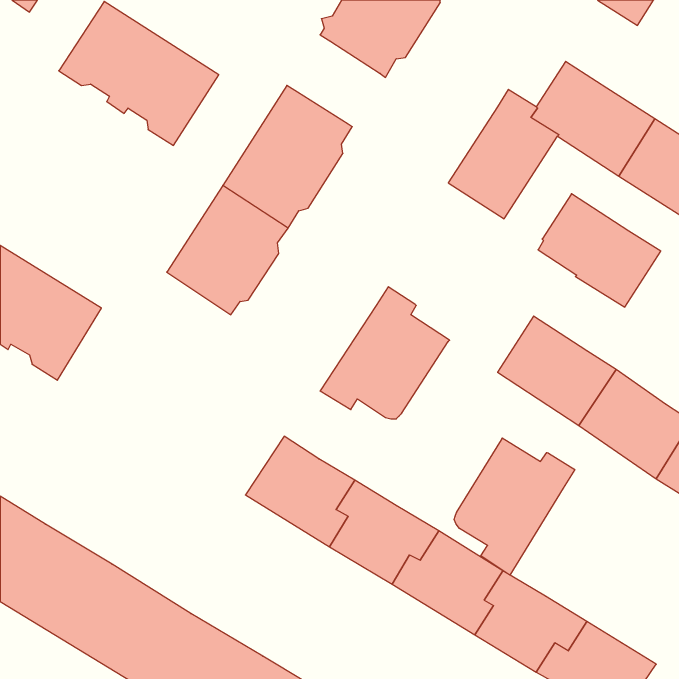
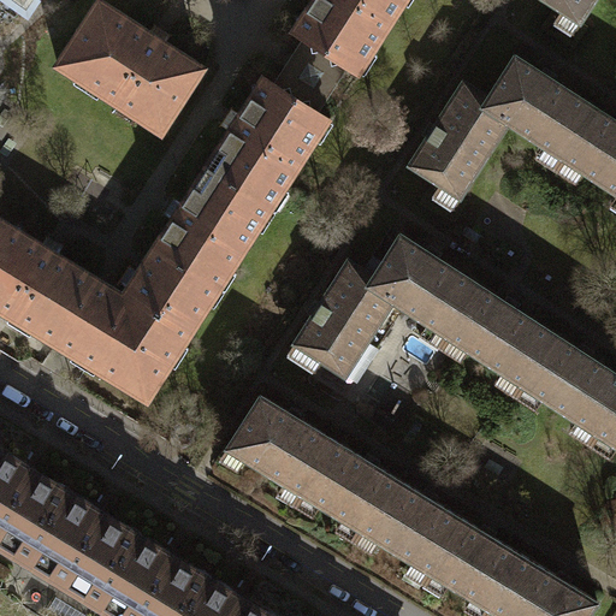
building: none -> [271,40,345,114]
building: [538,194,661,307] -> [373,236,484,338]
building: none -> [54,248,211,401]
building: [454,438,575,575] -> none

